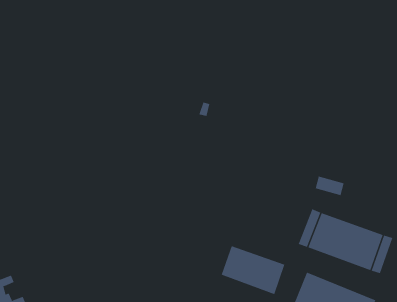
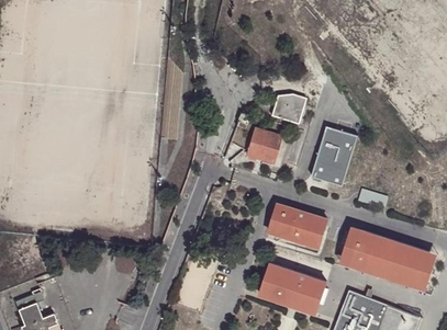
building: none -> [271,94,306,124]
building: none -> [312,125,356,184]
building: none -> [246,128,280,162]
building: none -> [269,204,327,247]

